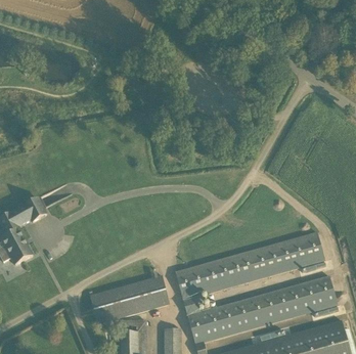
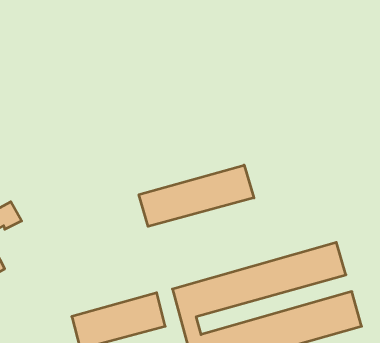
building: none -> [139,165,254,226]

